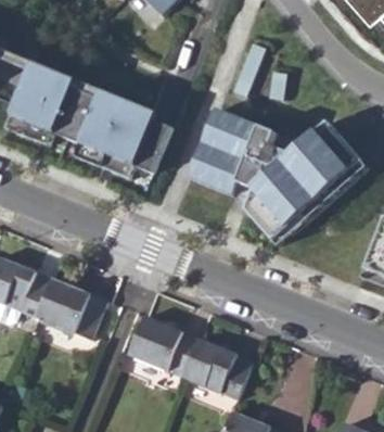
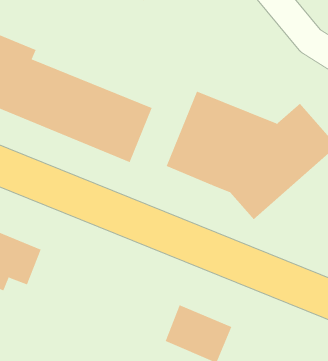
building: [38,278,106,338] -> none
building: [130,315,200,376] -> none

